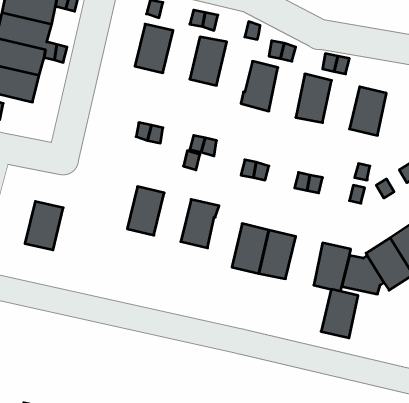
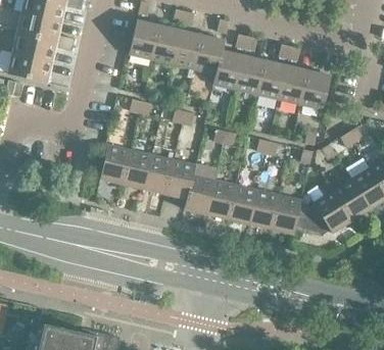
building: none -> [151,26,181,64]
building: none -> [194,35,225,74]
building: none -> [236,55,265,95]
building: none -> [279,65,308,104]
building: none -> [144,155,174,194]
building: [25,201,63,250] -> [100,145,131,184]
building: none -> [184,174,214,214]
building: [321,289,358,338] -> [249,190,279,229]

